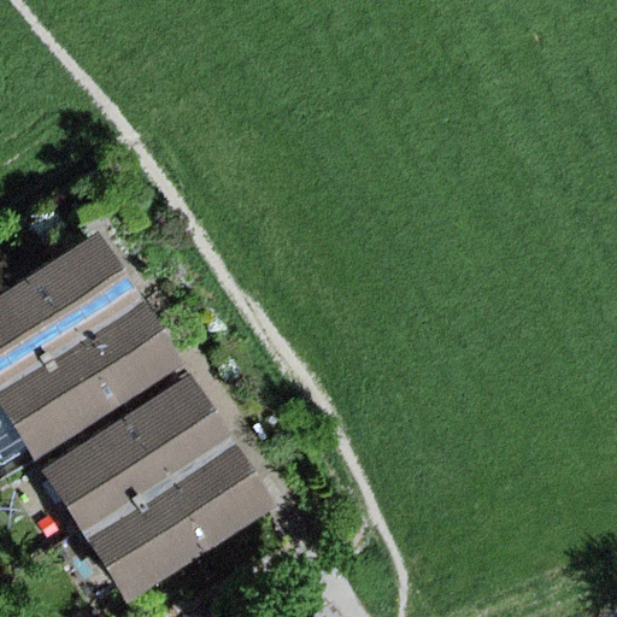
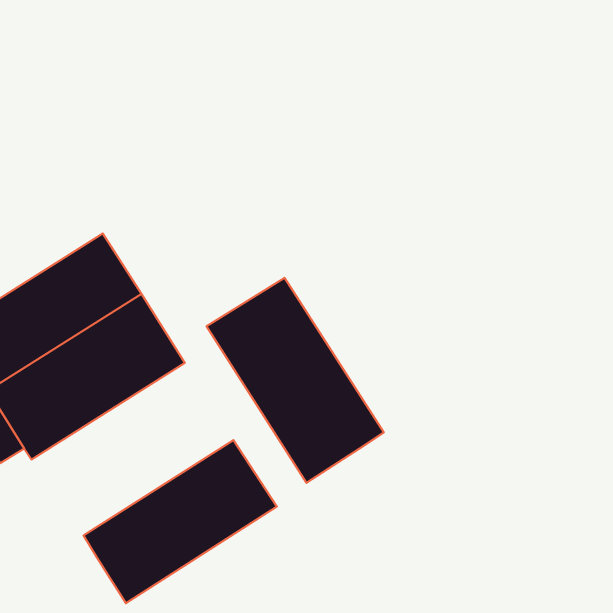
building: none -> [207,278,384,483]
building: [41,372,233,534] -> none

